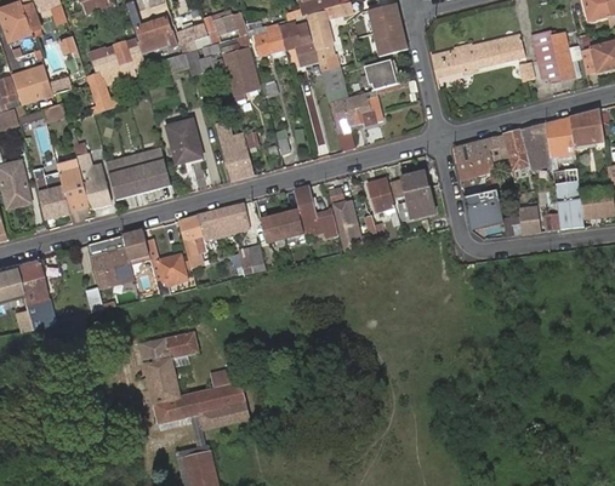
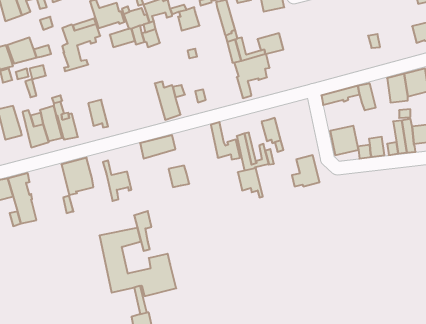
building: [274,21,317,65] -> none
building: [371,23,406,52] -> none
building: [431,30,524,76] -> none
building: [531,34,575,84] -> none
building: [220,35,258,99] -> none
building: [166,118,201,164] -> none
building: [520,122,551,170] -> none
building: [143,148,170,190] -> none
building: [455,153,494,178] -> none
building: [106,158,132,200] -> none
building: [398,170,437,213] -> [292,155,320,186]
building: [272,205,307,246] -> [238,168,263,197]
building: [178,213,203,269] -> [134,211,151,251]
building: [123,228,150,262] -> none

